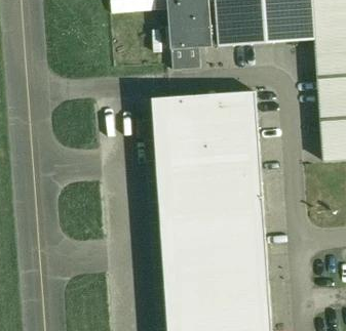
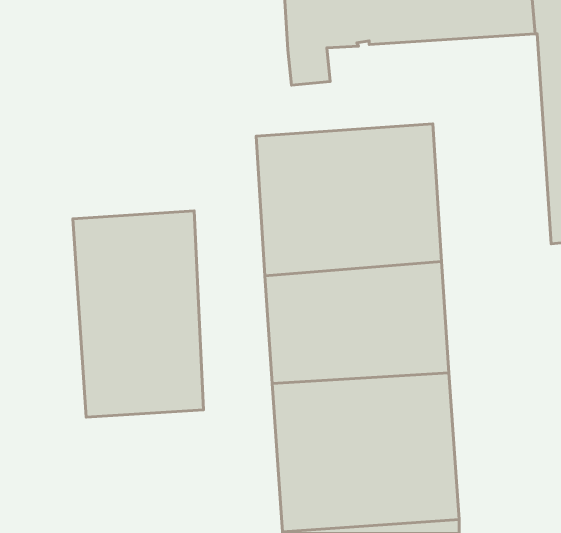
building: none -> [73,211,204,417]

